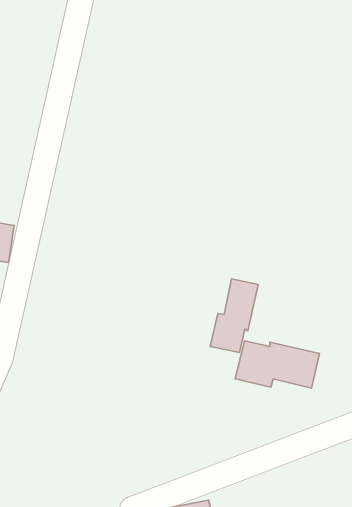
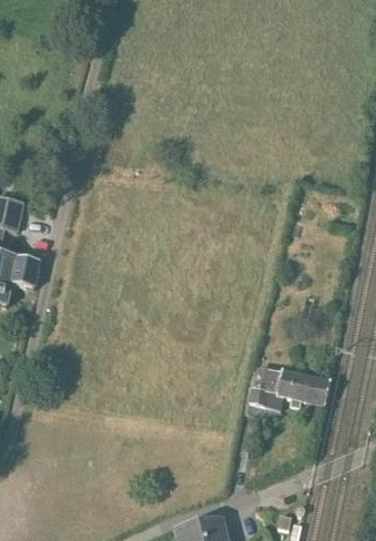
building: [210,279,258,353] -> none

